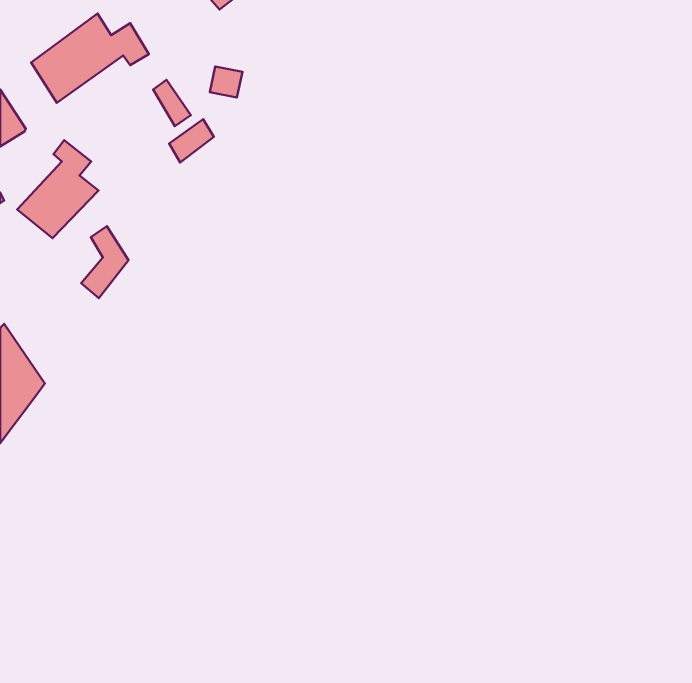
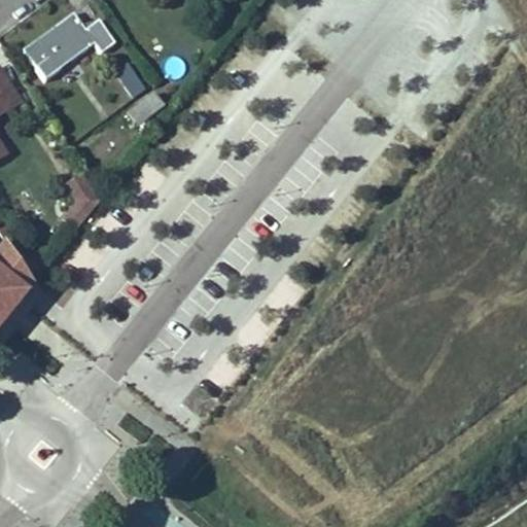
building: [17,140,99,238] -> none

